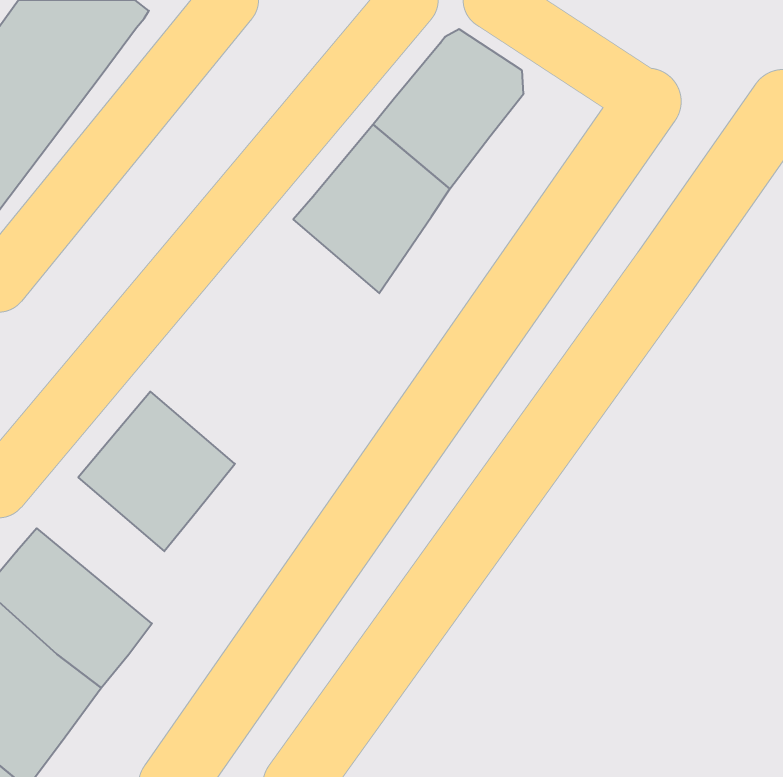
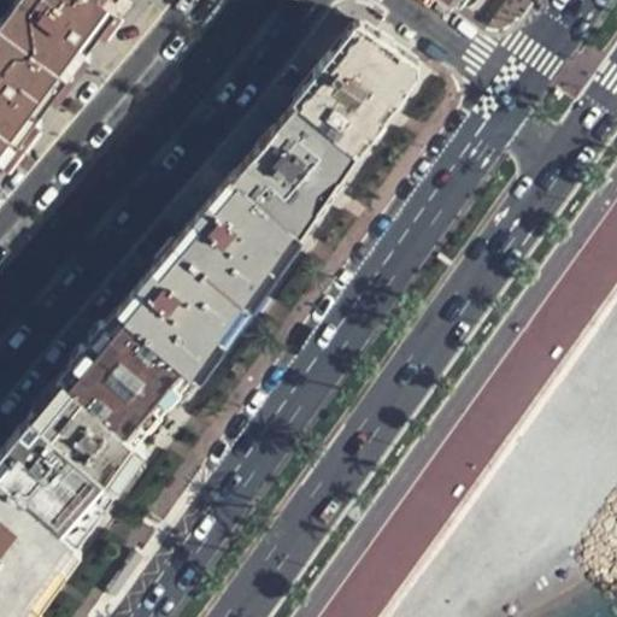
building: none -> [118,178,298,378]
building: none -> [29,381,152,495]

